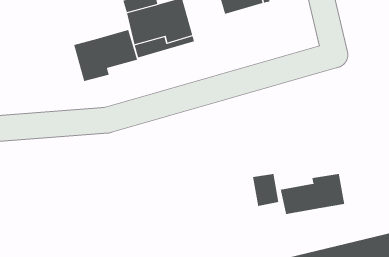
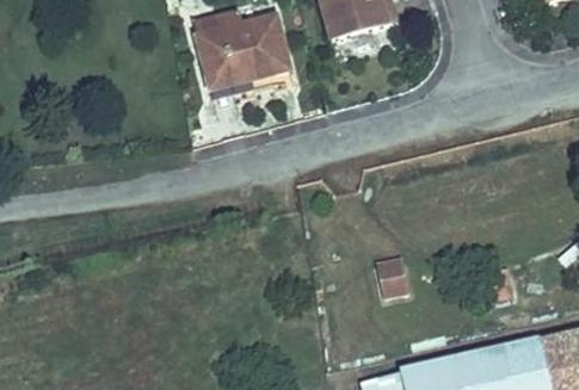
building: [73,29,138,82] -> none
building: [280,173,345,215] -> none

